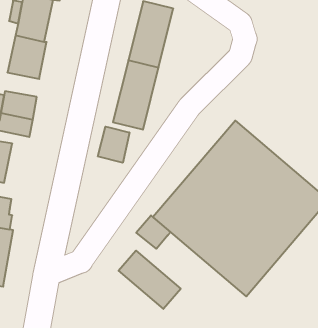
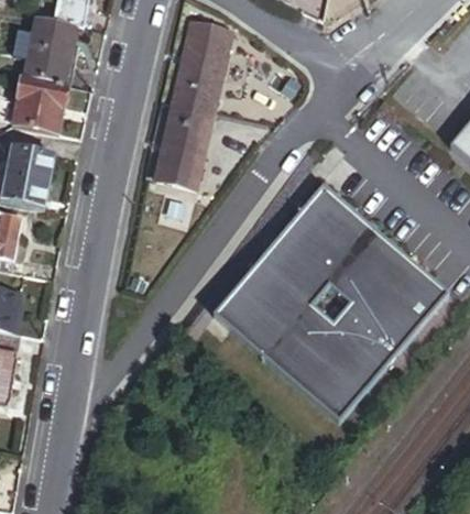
building: [98,127,129,163] -> none
building: [136,215,170,249] -> none
building: [119,251,181,309] -> none

